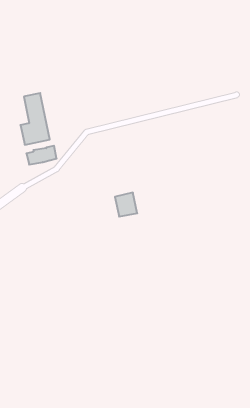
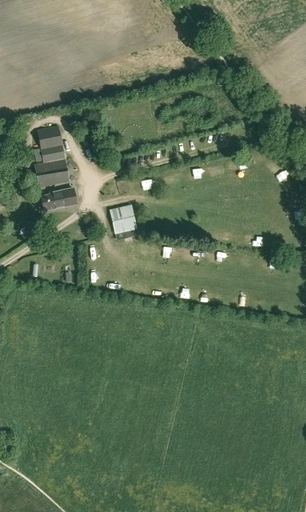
building: [115,193,137,217] -> [110,205,136,233]

